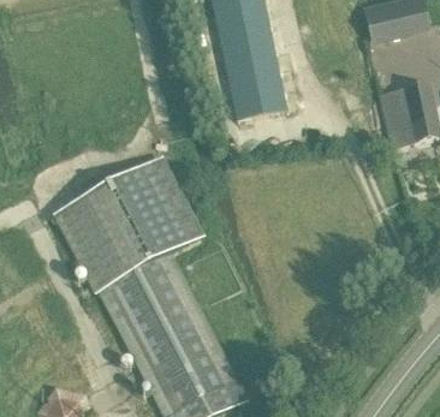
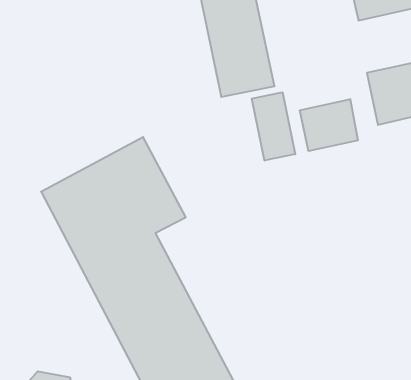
building: none -> [252,92,295,161]
building: none -> [300,99,358,151]

